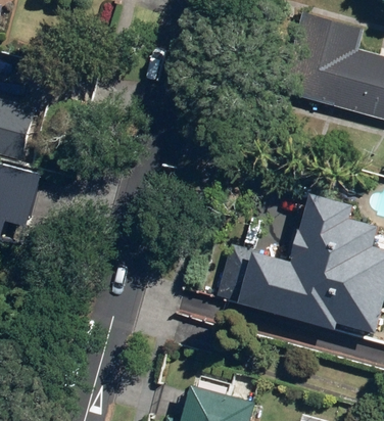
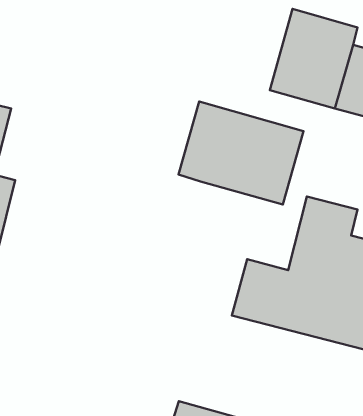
building: none -> [178,101,304,204]

